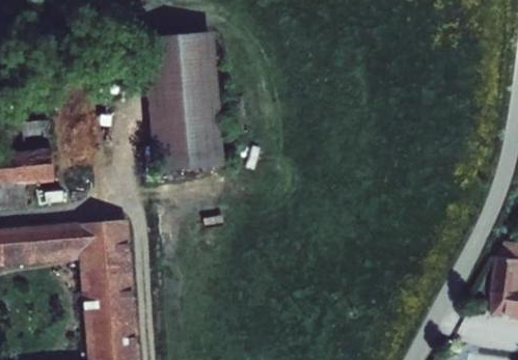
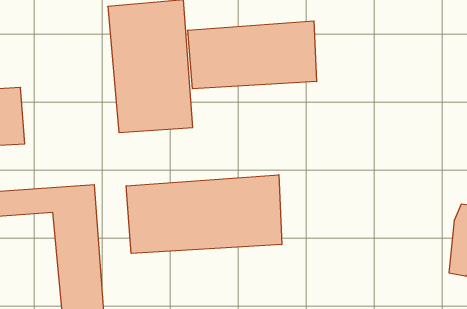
building: none -> [188,21,317,89]
building: none -> [126,175,282,253]

